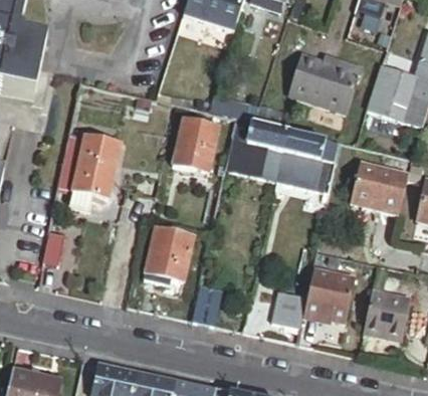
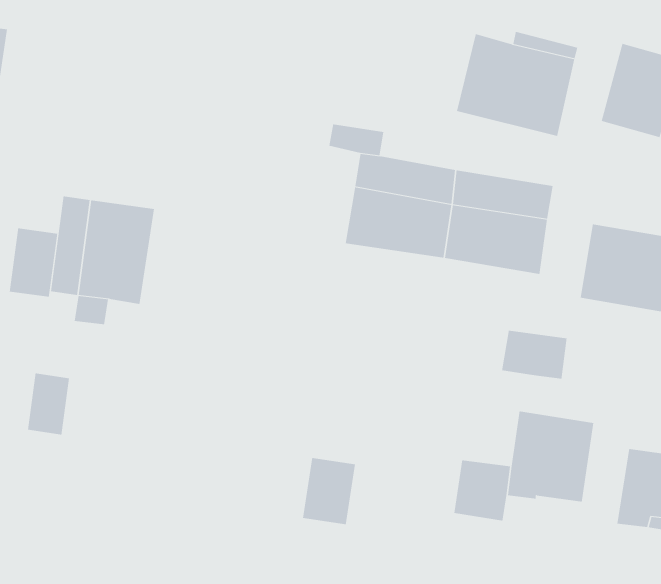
building: [174,126,216,170] -> none
building: none -> [9,228,58,298]
building: none -> [501,330,567,380]
building: [142,227,192,283] -> none

